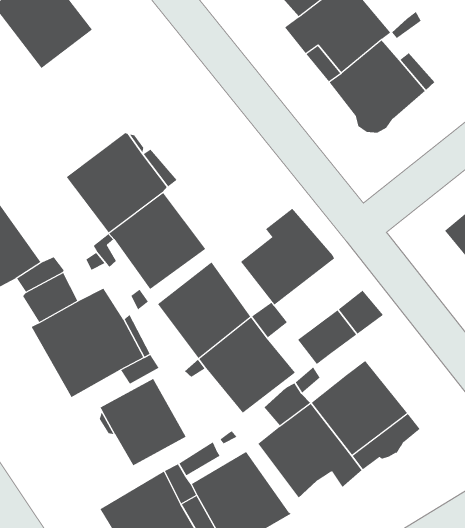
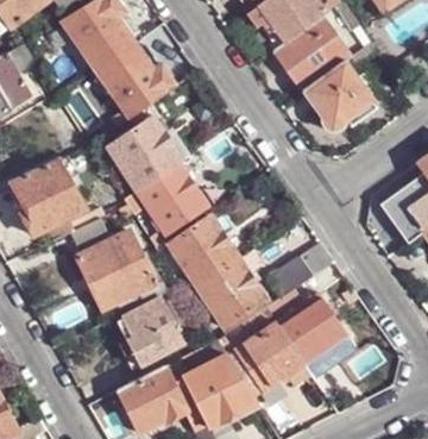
building: none -> [94,42,175,115]
building: [240,208,335,305] -> none

